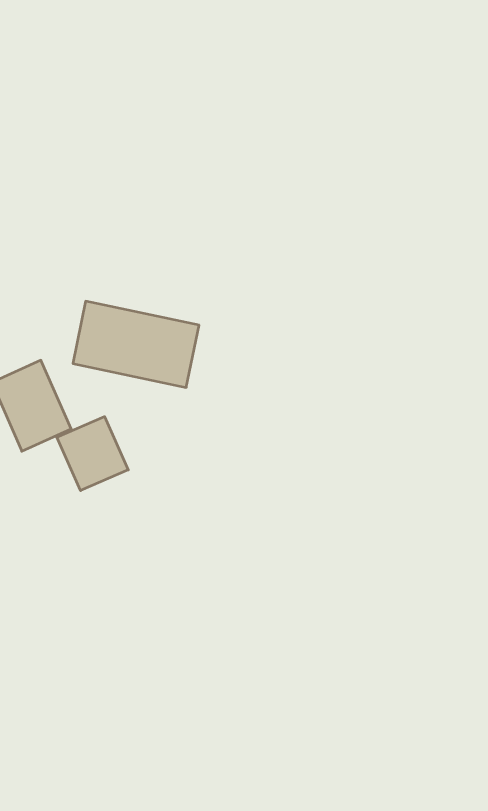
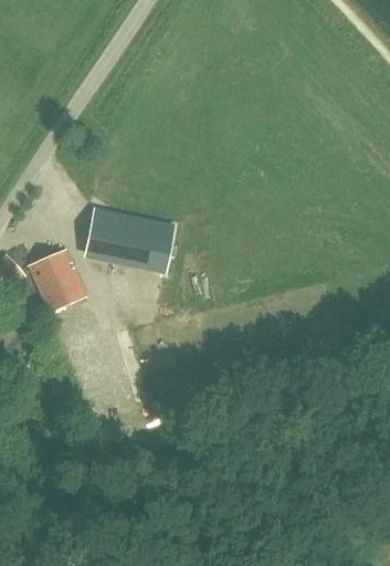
building: [57,417,128,491] -> none

